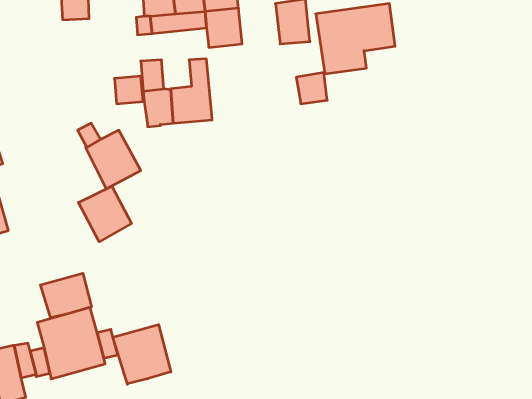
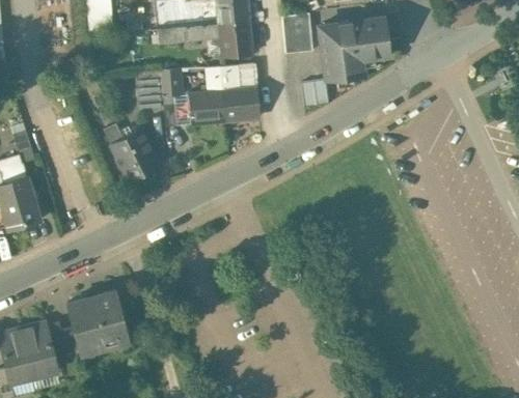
building: none -> [219,65,258,120]
building: [78,186,131,242] -> none
building: [40,273,91,318] -> none
building: [113,325,171,384] -> none

